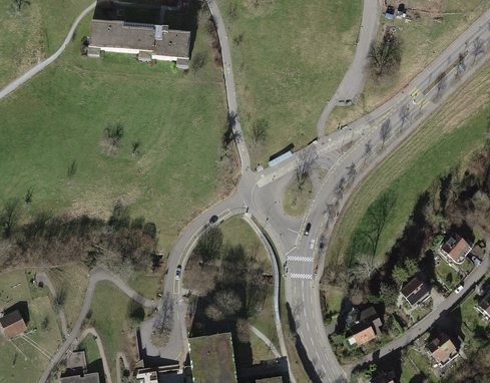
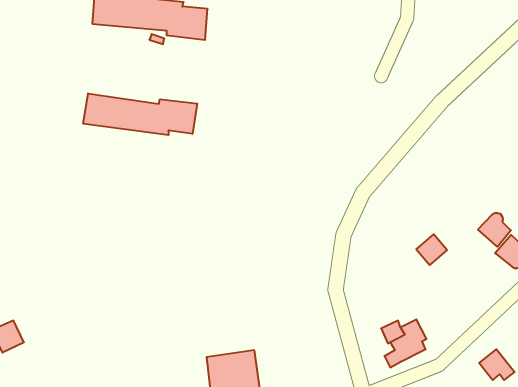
building: none -> [83,93,197,135]
building: none -> [478,213,511,247]
building: [400,277,427,304] -> [416,234,447,265]

